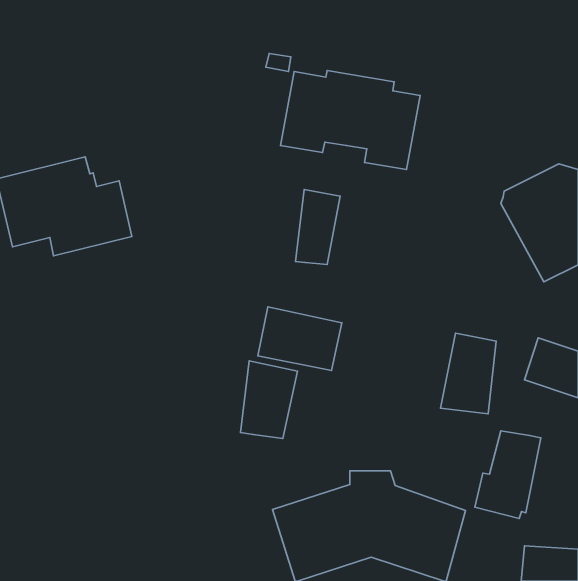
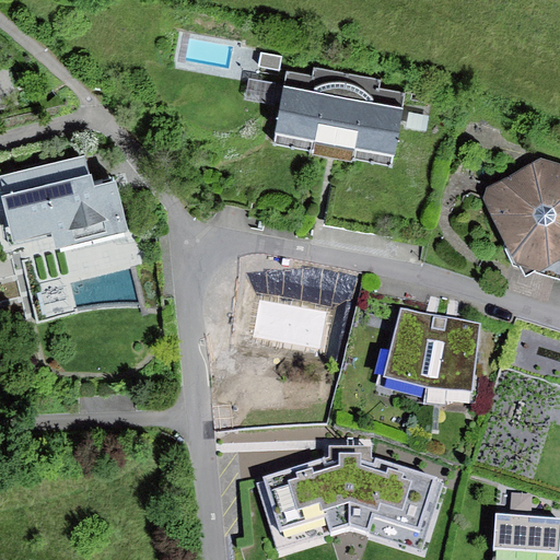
building: [296,189,340,264] -> none
building: [240,361,298,438] -> none
building: [475,431,541,518] -> [375,314,439,398]

